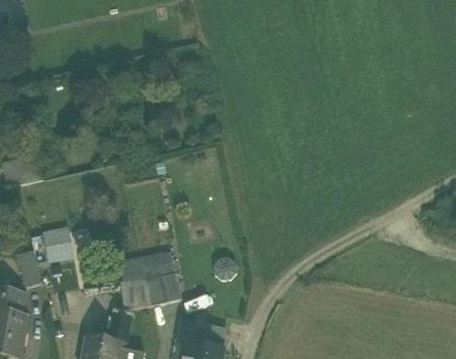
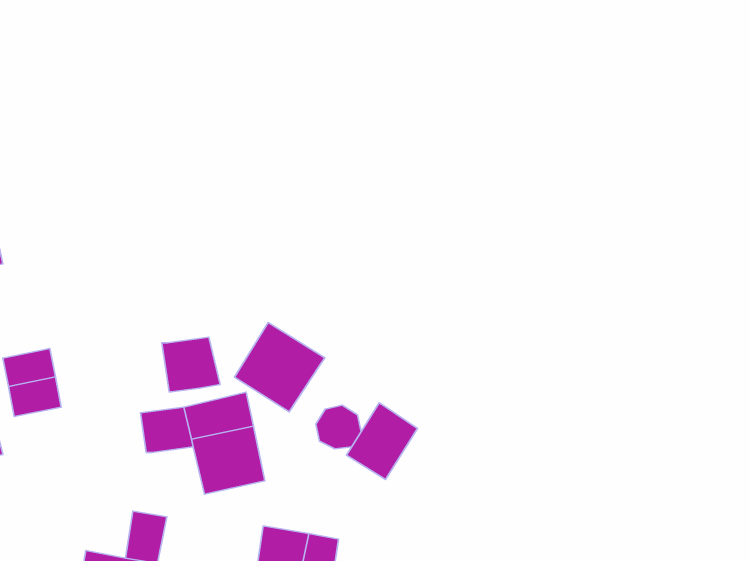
building: none -> [235,323,325,412]
building: none -> [346,403,418,479]
building: [119,278,151,308] -> [162,337,220,392]

